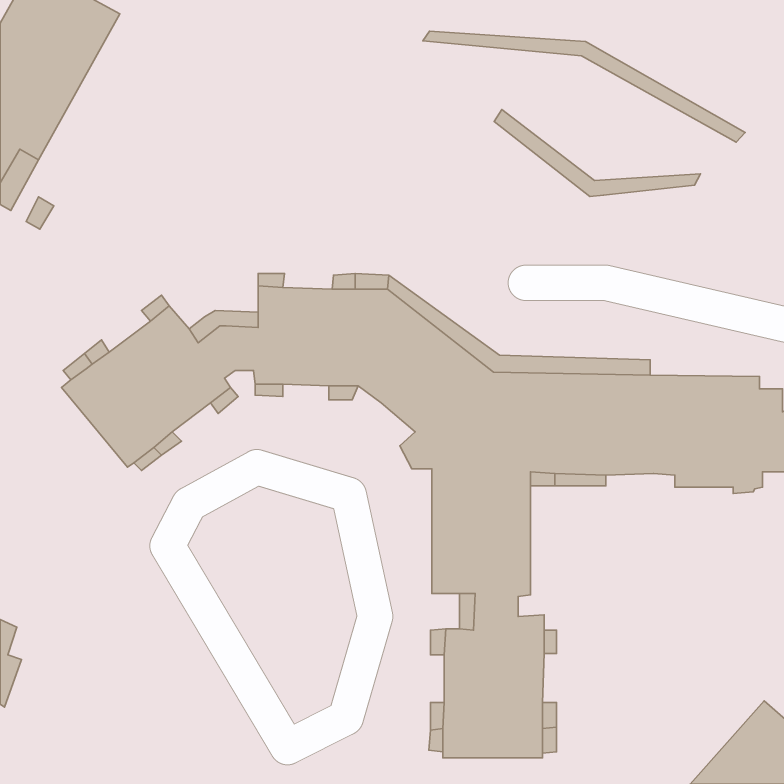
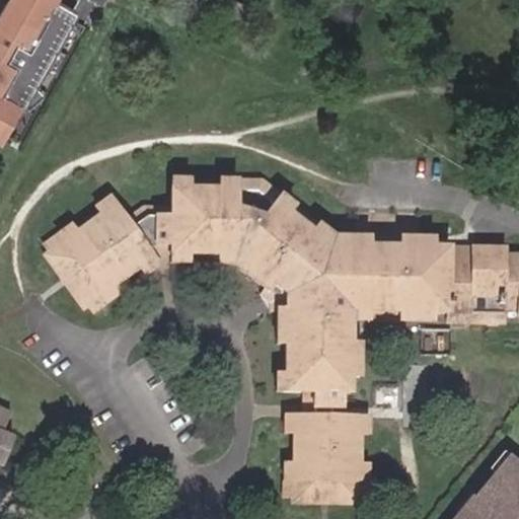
building: [423,31,745,142] -> none
building: [494,110,700,197] -> none

